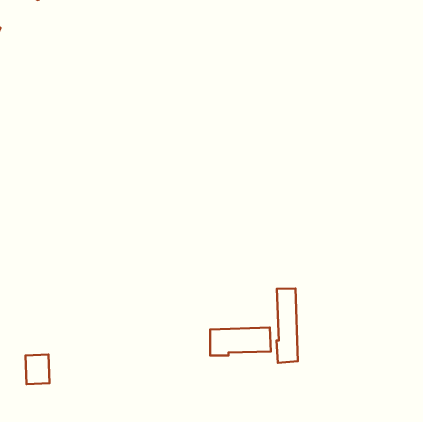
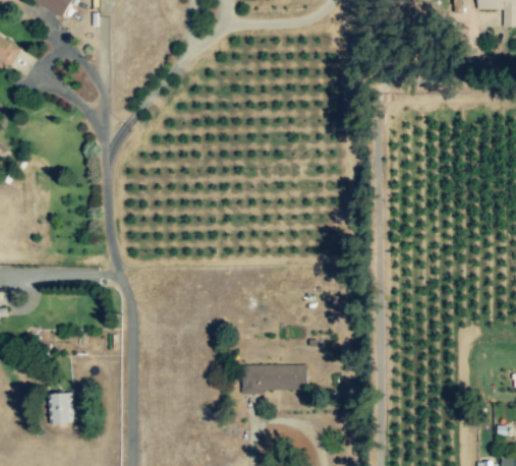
building: [277,288,298,363] -> none

